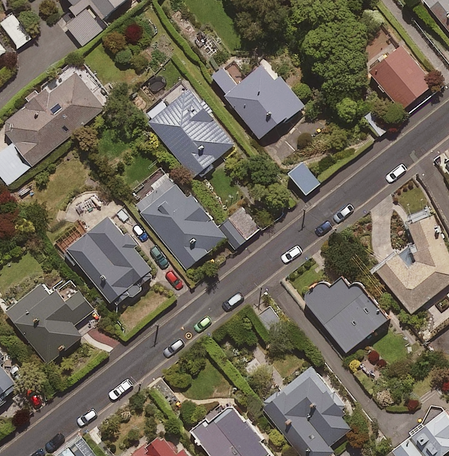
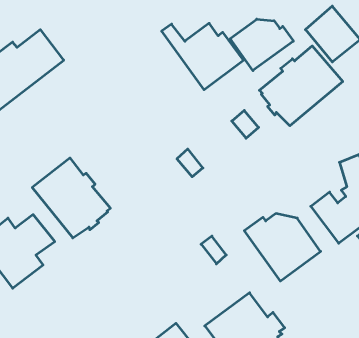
building: none -> [230,19,293,71]
building: none -> [259,46,343,126]
building: [145,93,233,178] -> none
building: [142,188,224,269] -> none

